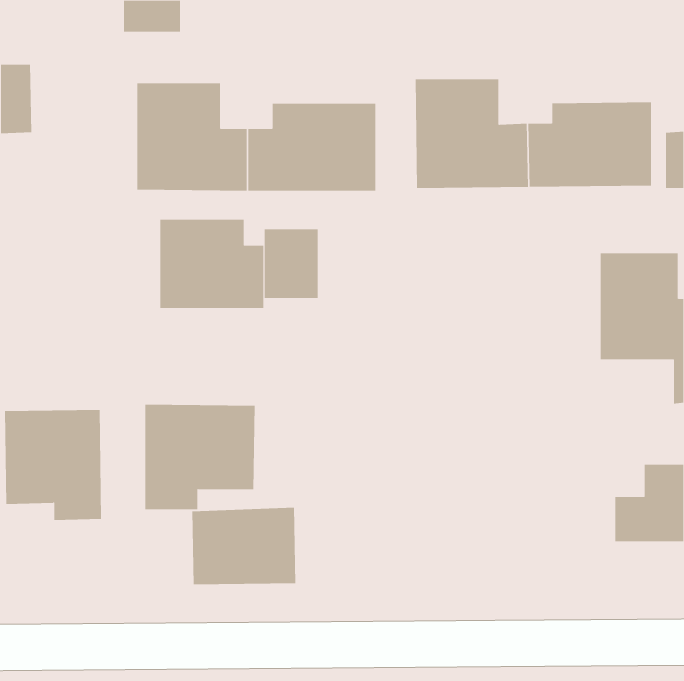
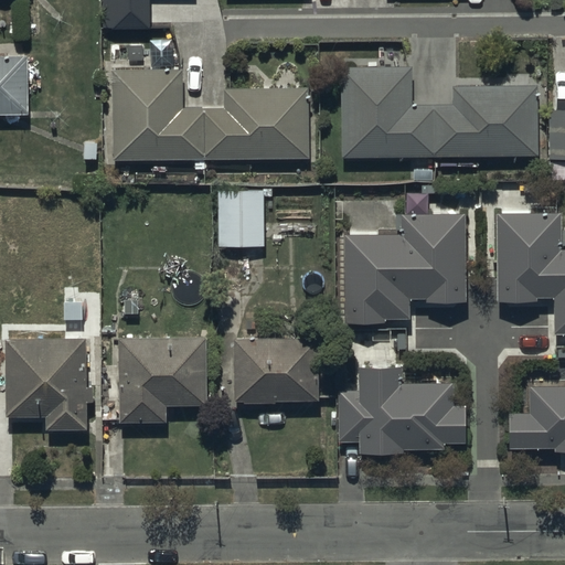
building: [160,219,264,309] -> none
building: none -> [342,213,462,323]
building: none -> [338,363,465,450]
building: [192,507,296,585] -> [233,338,319,402]

